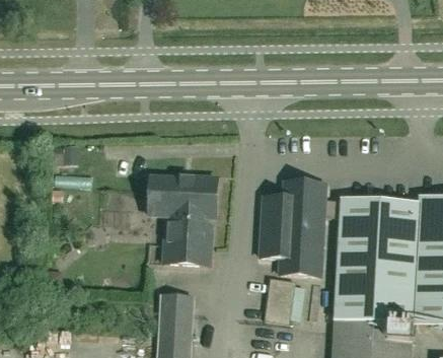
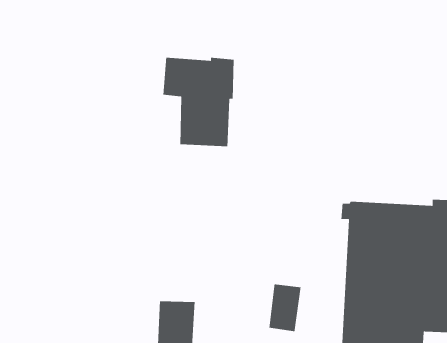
building: [147,177,216,264] -> [162,57,235,147]
building: [261,180,334,275] -> none

